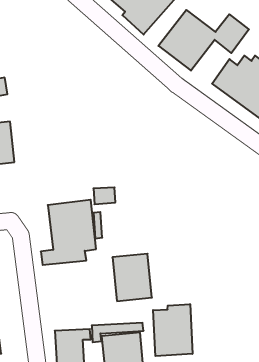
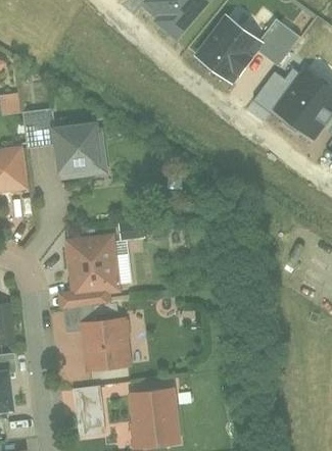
building: none -> [25,105,103,176]
building: [112,254,152,301] -> [81,316,127,371]
building: [153,304,192,356] -> none

